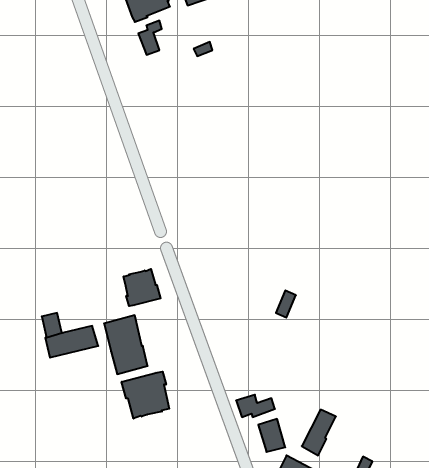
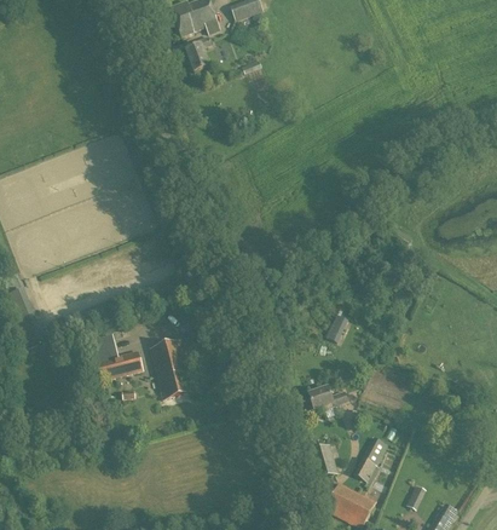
building: [124,269,161,306] -> none
building: [122,372,169,419] -> none
building: [236,395,275,417] -> [305,387,345,410]

